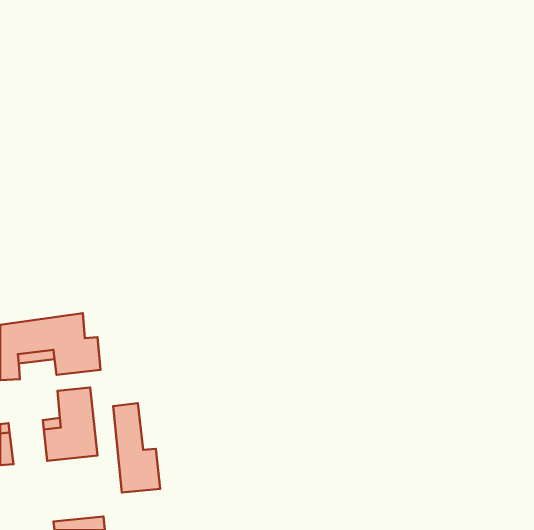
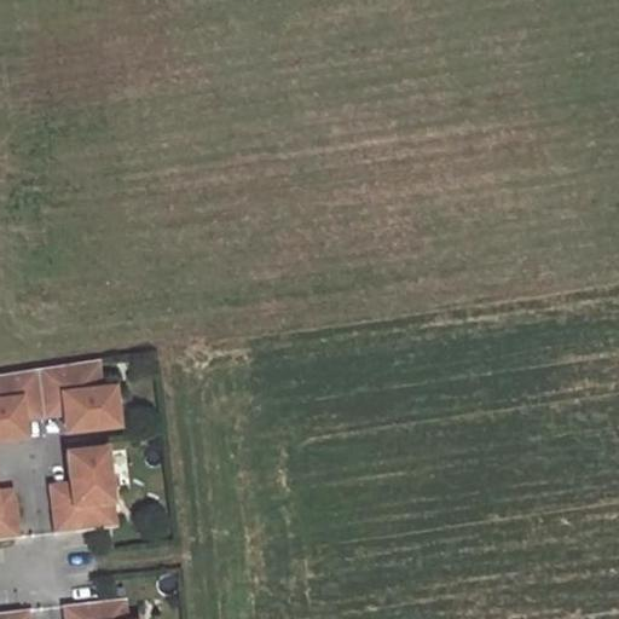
building: [113,403,160,493] -> none

